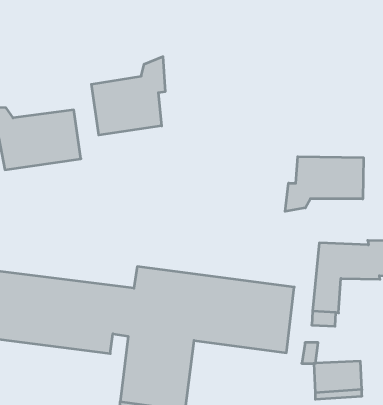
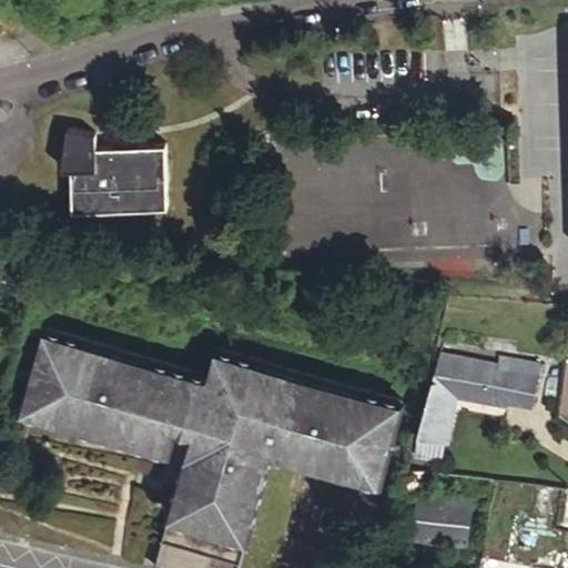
building: [91,57,165,135] -> none
building: [285,157,363,211] -> none

